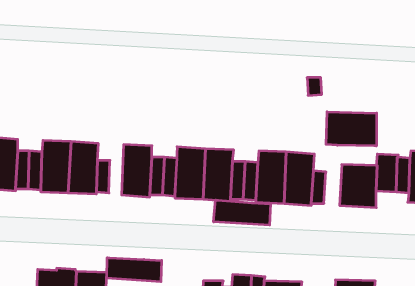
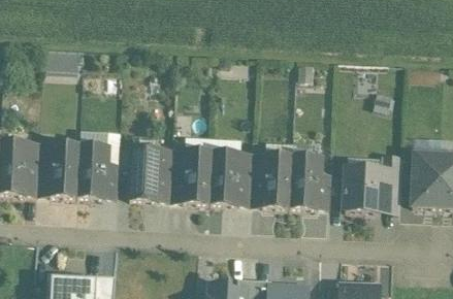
building: [326,112,377,146] -> none
building: [214,200,270,225] -> none
building: [107,258,162,282] -> none

